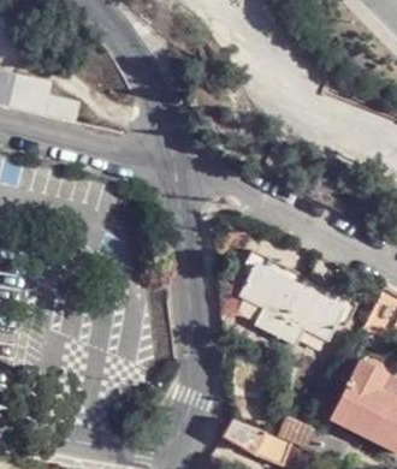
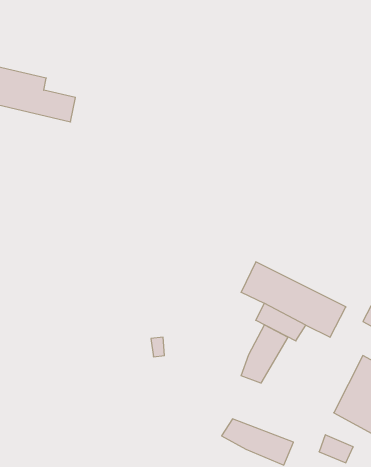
building: none -> [241,325,288,383]

